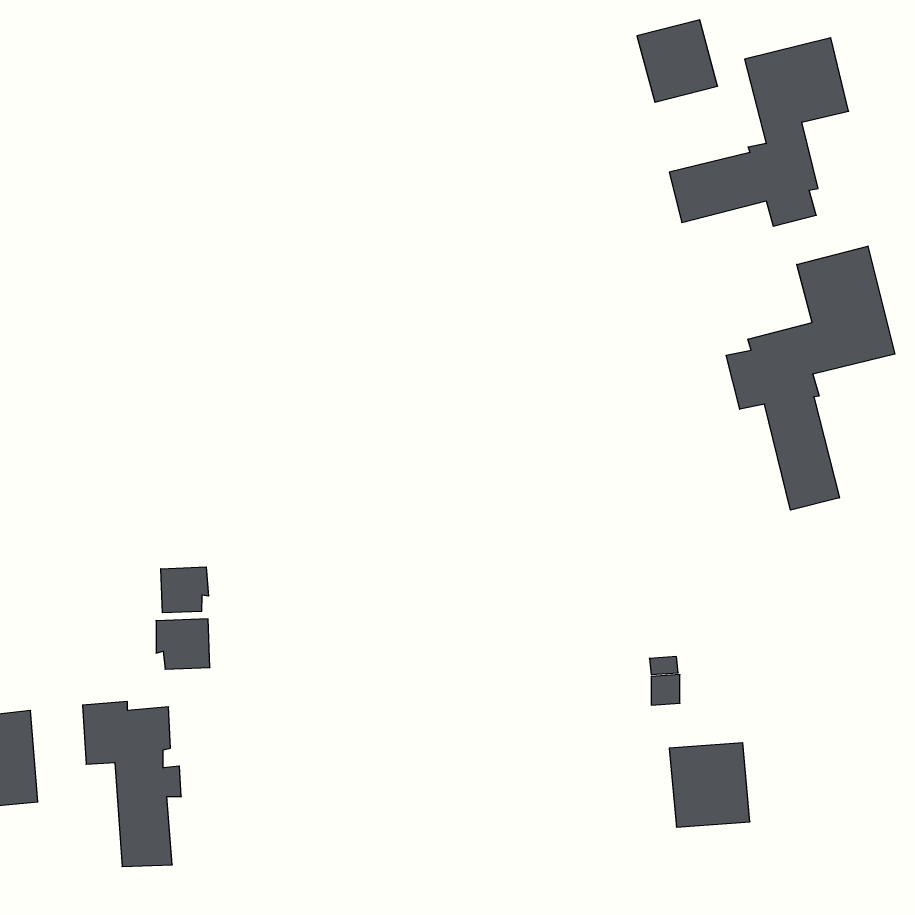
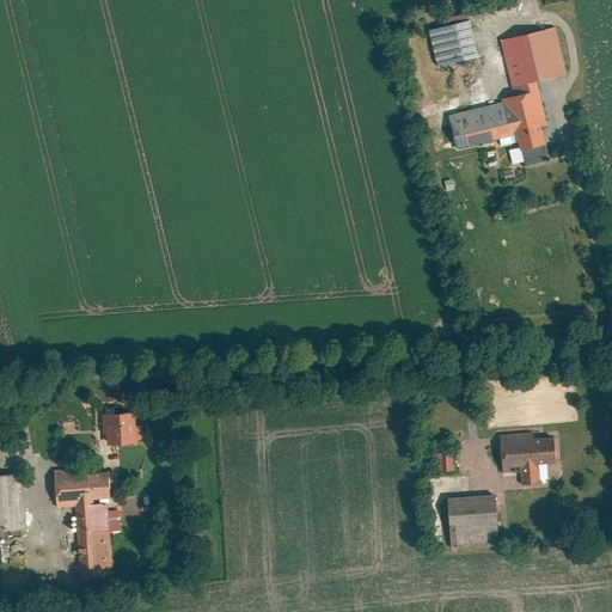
building: [726,246,895,510] -> none
building: [161,567,208,613] -> none
building: none -> [498,433,556,485]

